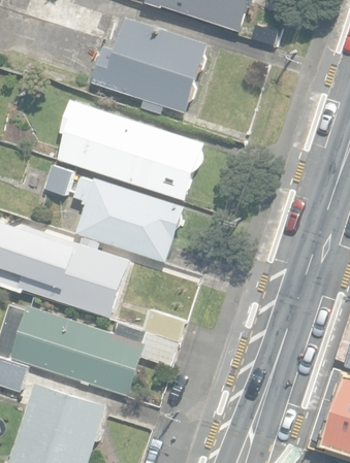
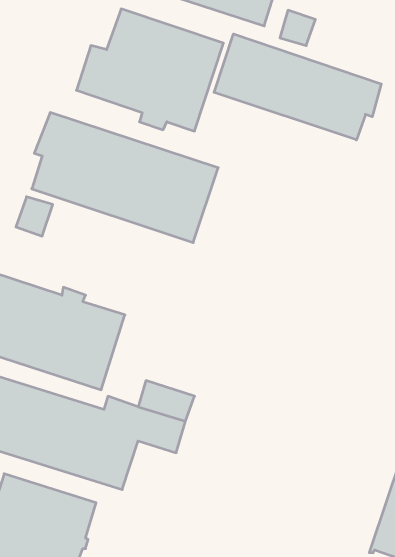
building: none -> [214,34,381,140]
building: [72,177,182,262] -> none

